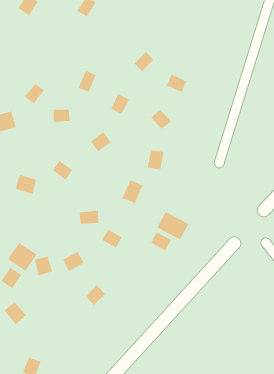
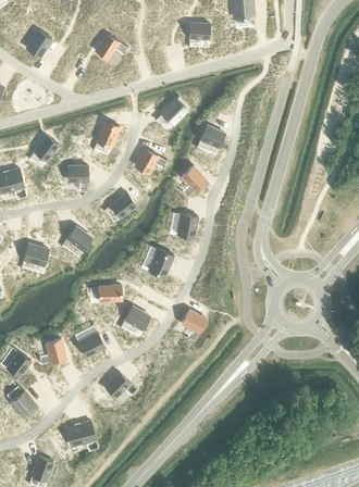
building: [156,211,189,240] -> none
building: [7,242,37,272] -> none
building: none -> [64,420,95,446]

